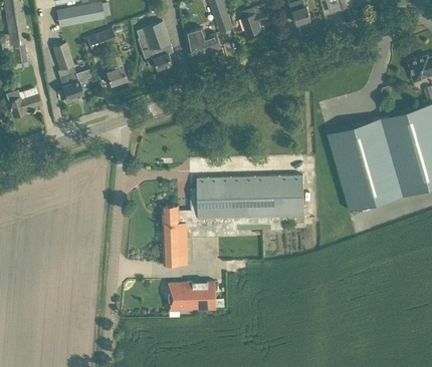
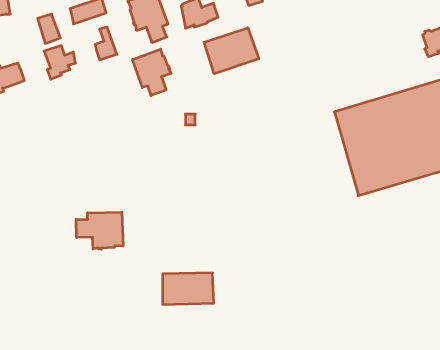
building: none -> [204,28,259,74]
building: none -> [133,49,171,96]
building: [163,175,304,265] -> none
building: none -> [76,212,123,249]

